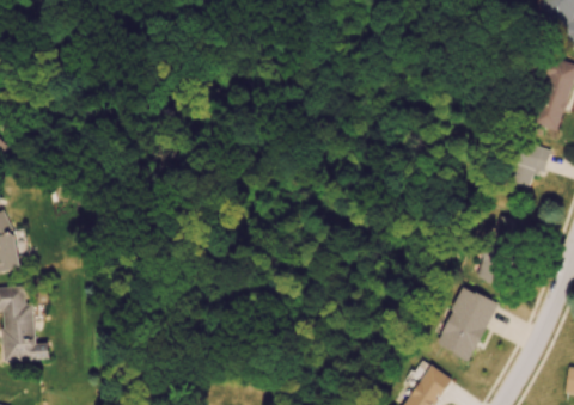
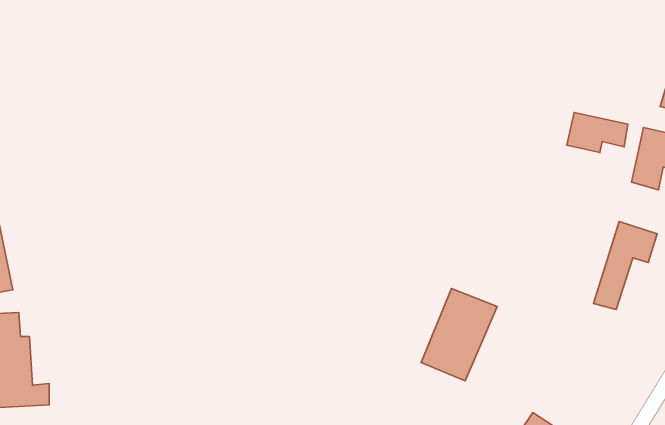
building: none -> [567,112,628,152]
building: [436,288,496,361] -> [421,288,497,381]

